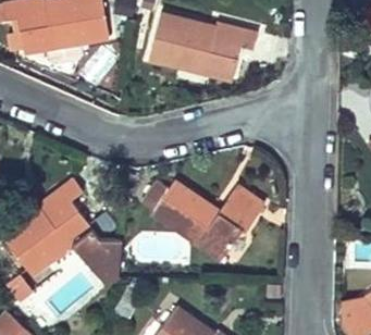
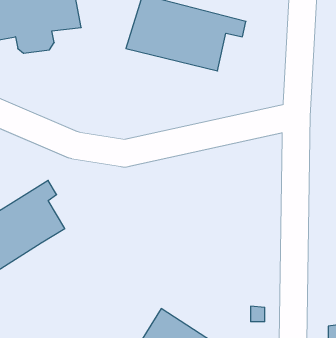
building: [156,177,267,255] -> none
building: [71,227,116,285] -> none

